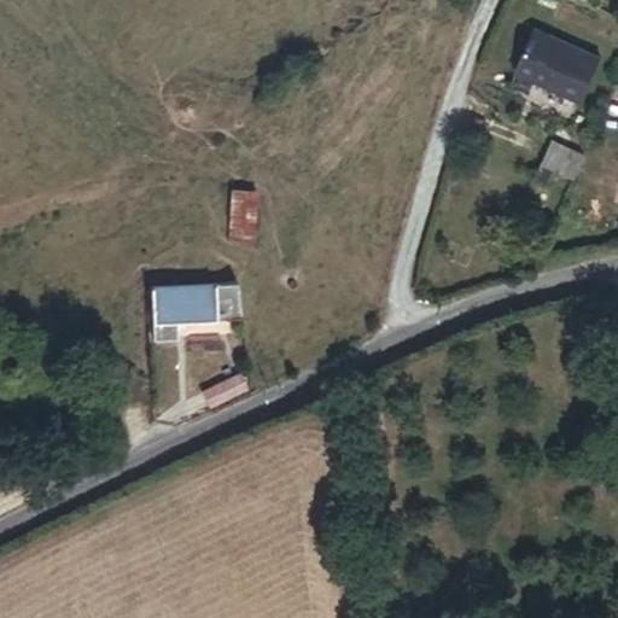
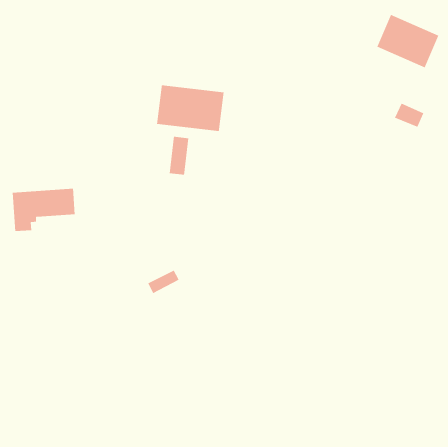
building: none -> [156,84,224,132]
building: [151,282,238,342] -> [12,188,76,231]

